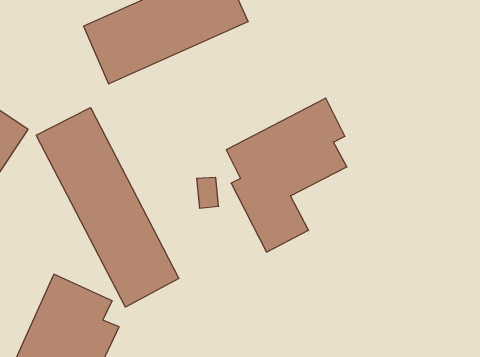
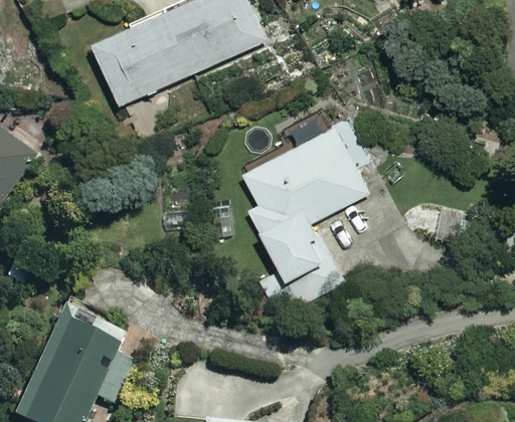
building: [36,108,179,307] -> none

